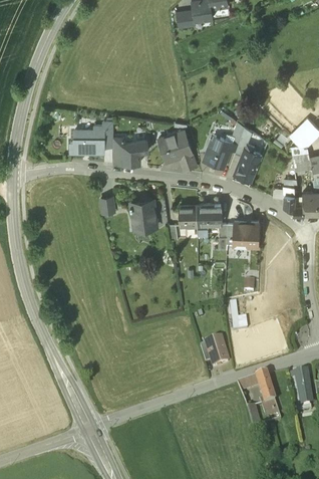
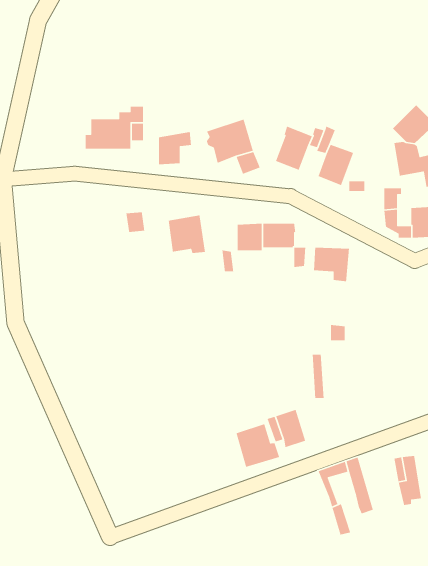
building: none -> [236,423,280,468]

